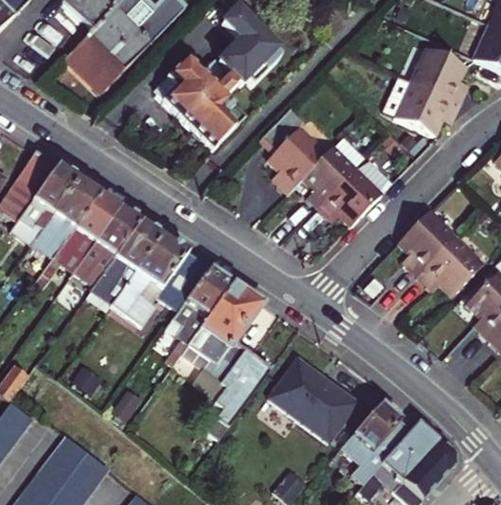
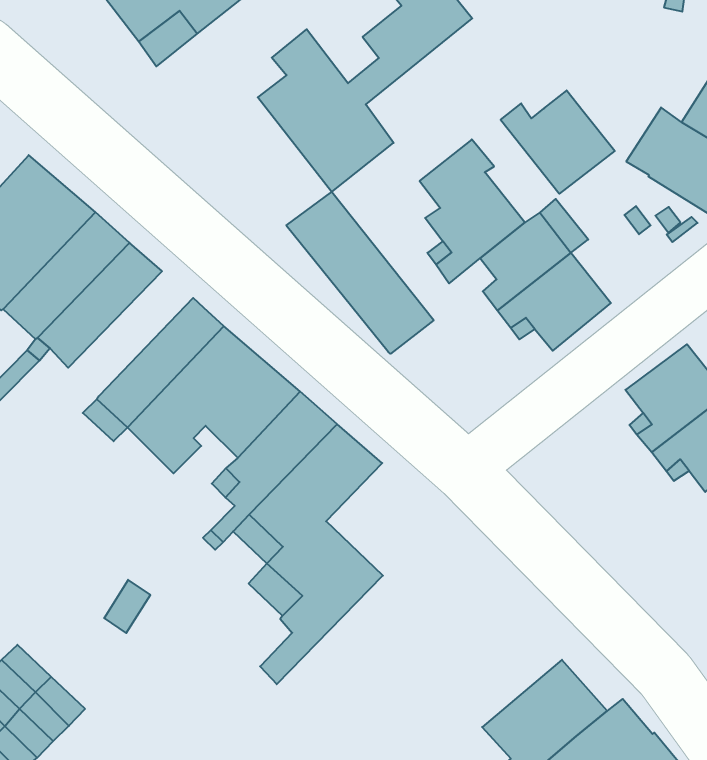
building: none -> [501,90,615,194]
building: none -> [286,192,434,354]
building: [73,209,140,286] -> none
building: [270,357,356,438] -> none

